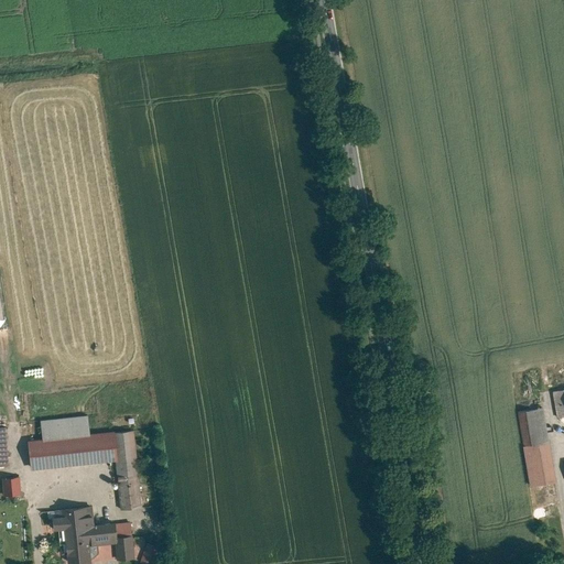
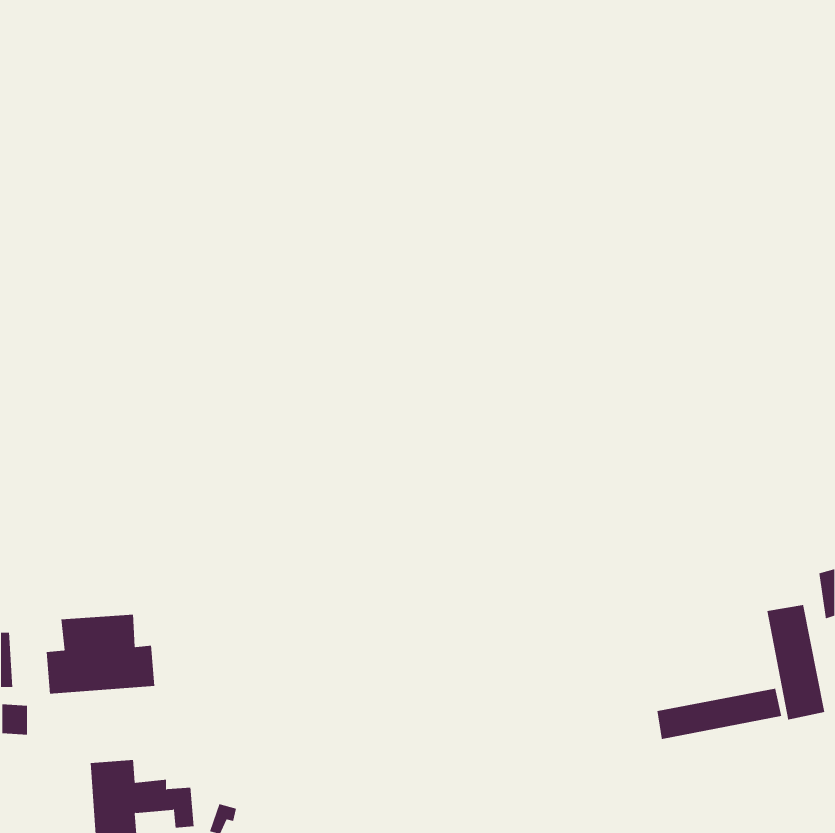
building: [111,435,145,516] -> none
building: none -> [657,688,782,740]

